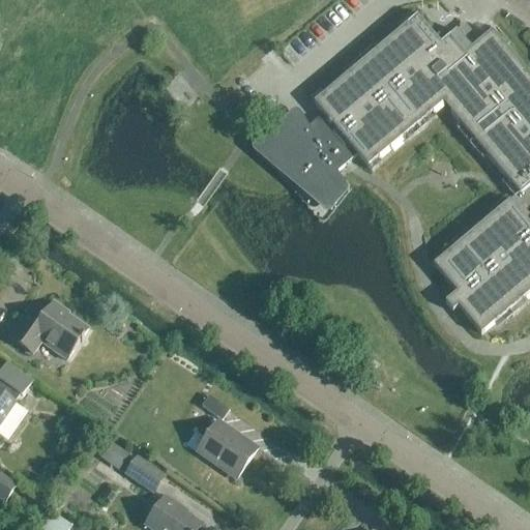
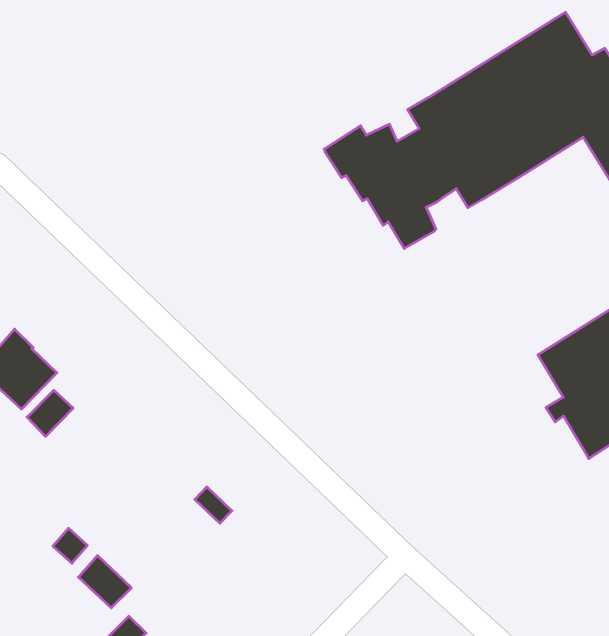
building: none -> [27,390,73,436]
building: [199,421,255,475] -> none

